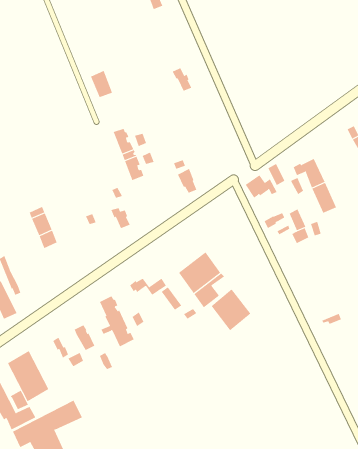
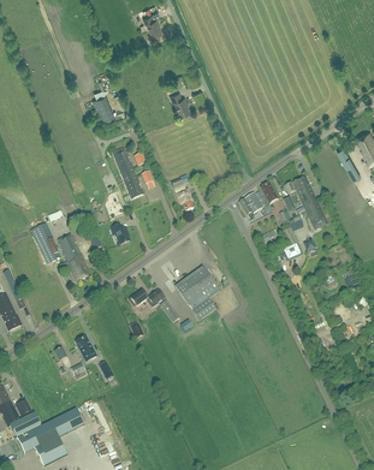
building: [211,288,251,331] -> none
building: [99,296,134,347] -> [58,232,91,281]
building: [7,350,49,402] -> none

